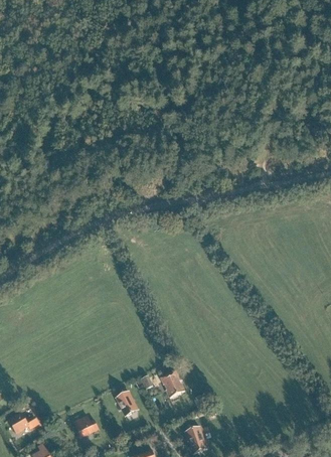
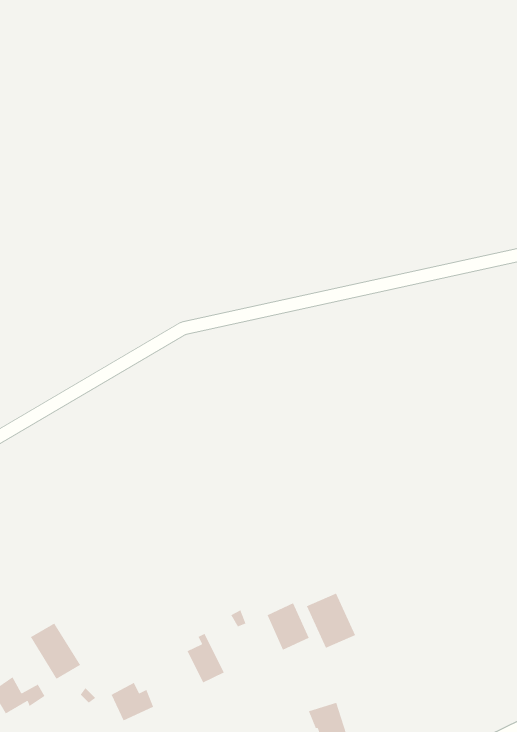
building: none -> [306,592,356,649]
building: none -> [30,622,81,680]

